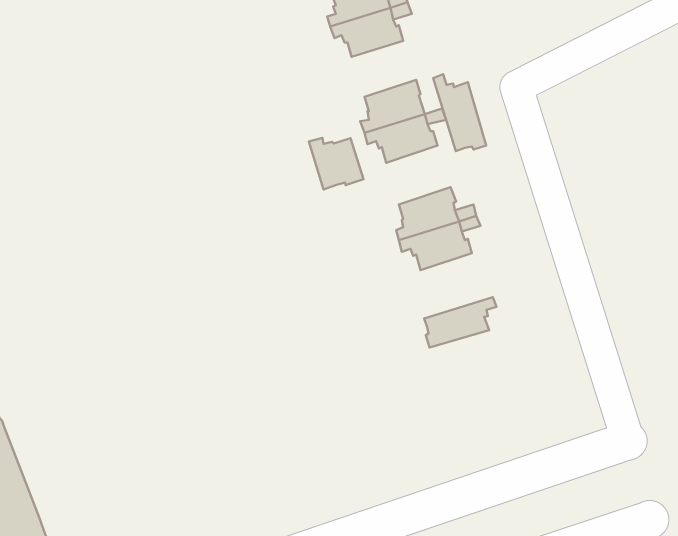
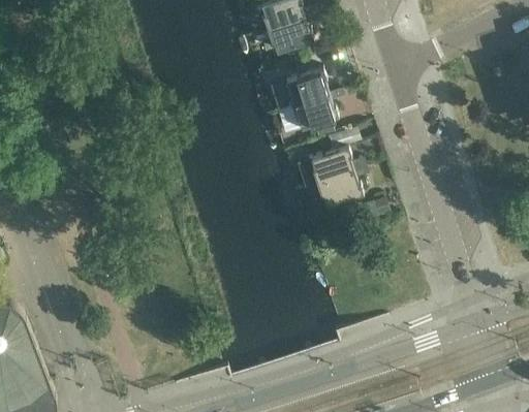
building: [433,74,486,151] -> none
building: [309,138,363,189] -> none
building: [424,297,496,347] -> none

